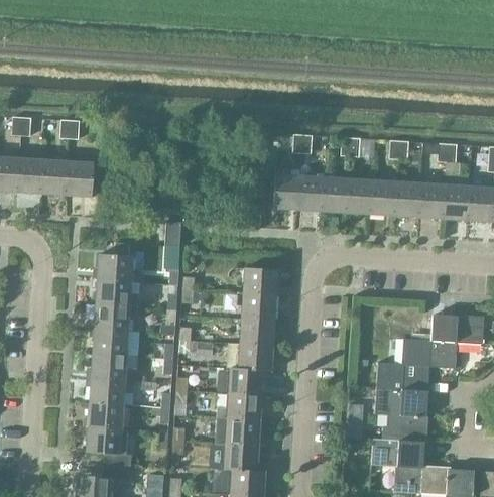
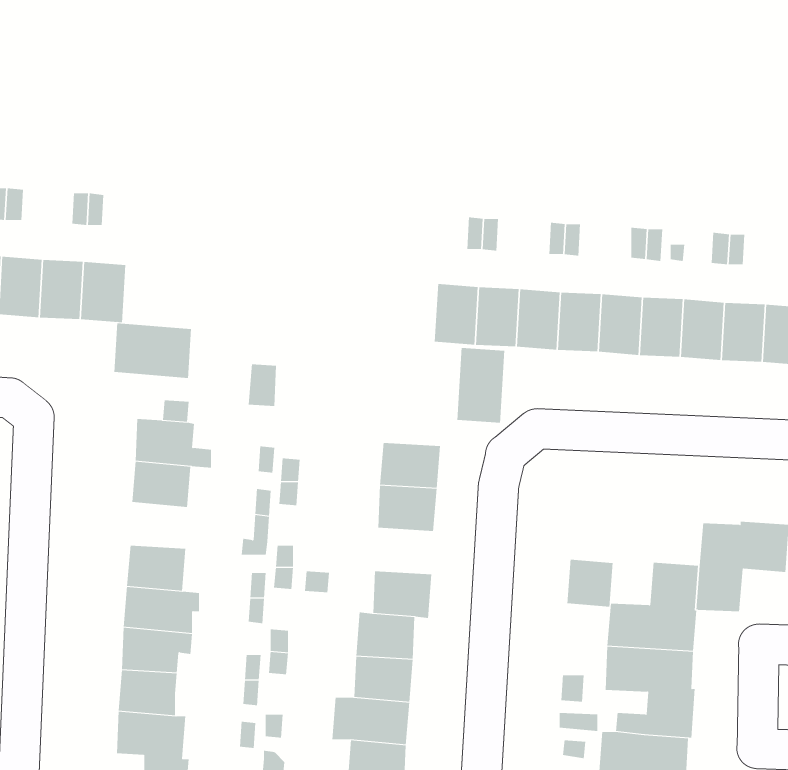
building: none -> [114,322,192,379]
building: none -> [457,347,505,423]
building: [95,302,134,331] -> none
building: [239,318,274,345] -> none
building: none -> [567,559,613,608]

